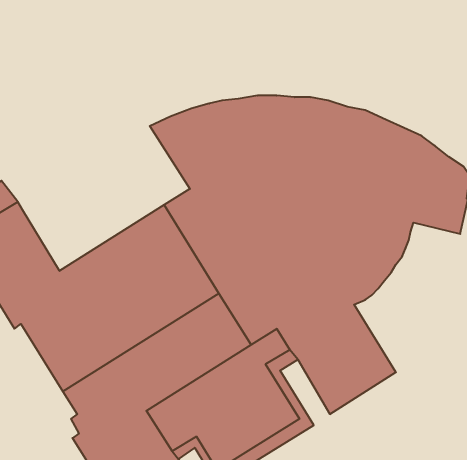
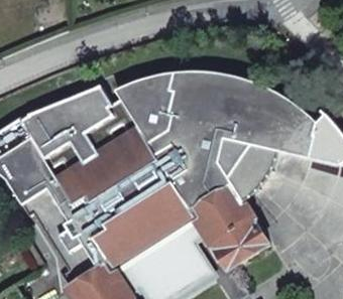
building: none -> [33,89,138,179]

